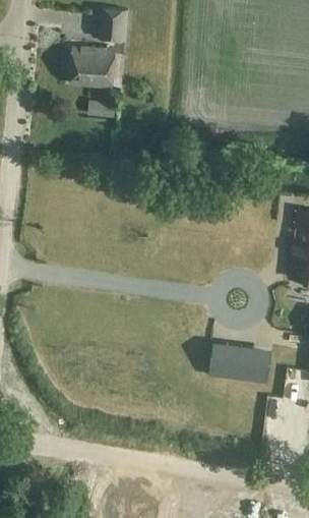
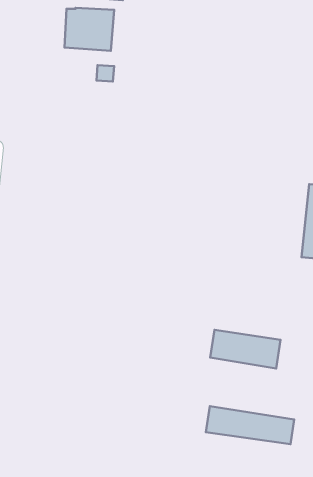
building: none -> [206,406,294,444]

